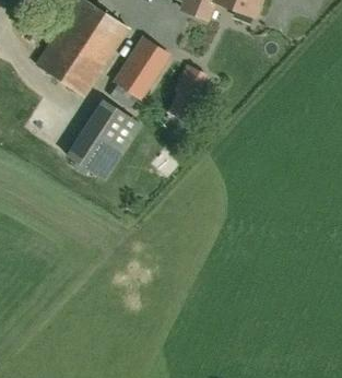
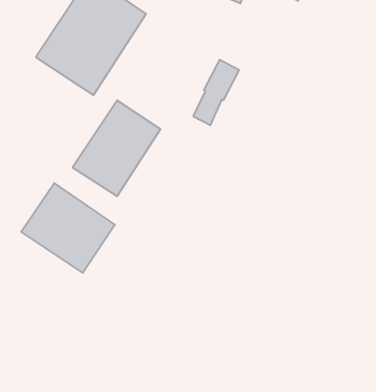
building: [113,37,169,99] -> none
building: none -> [21,183,115,273]

